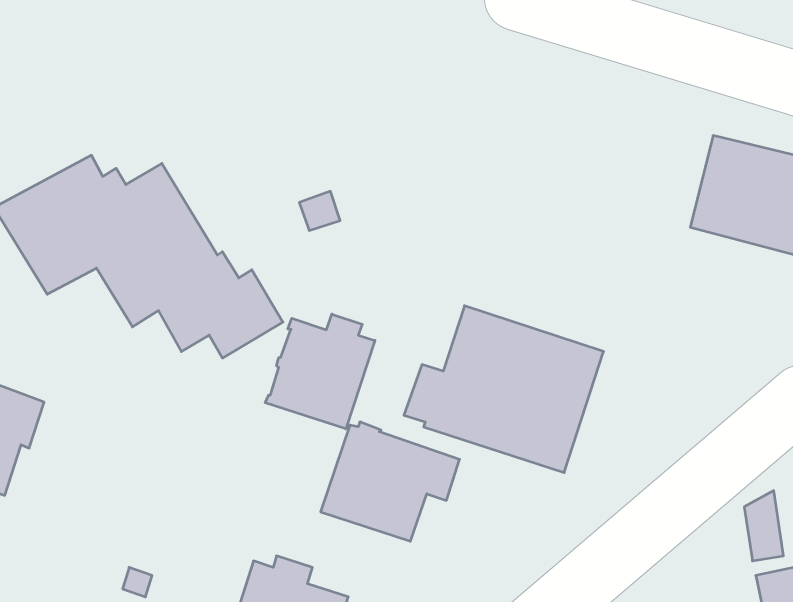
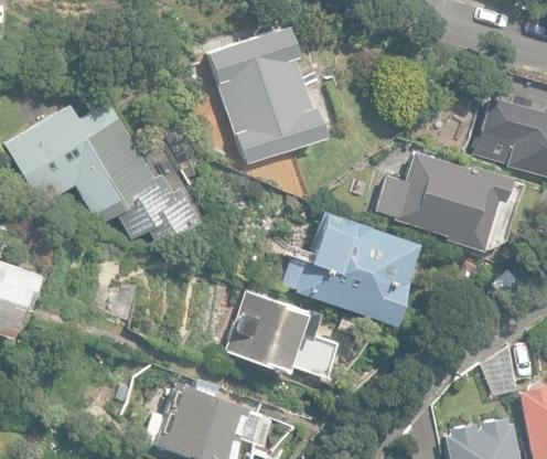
building: none -> [207,25,325,166]
building: none -> [377,153,507,250]
building: [265,314,375,429] -> none

